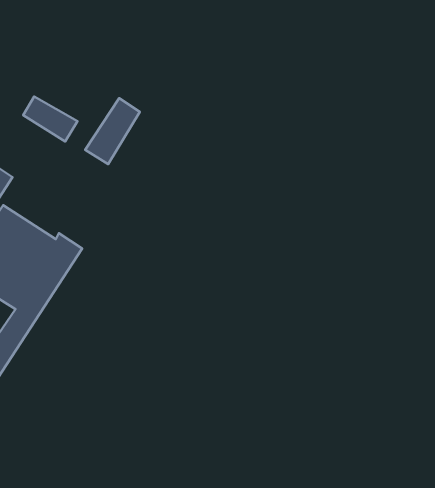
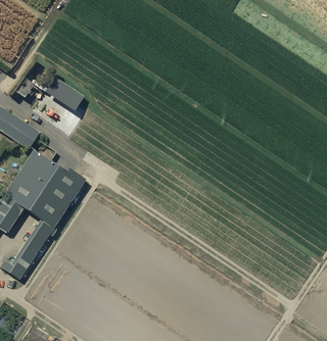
building: [85,98,140,164] -> none

